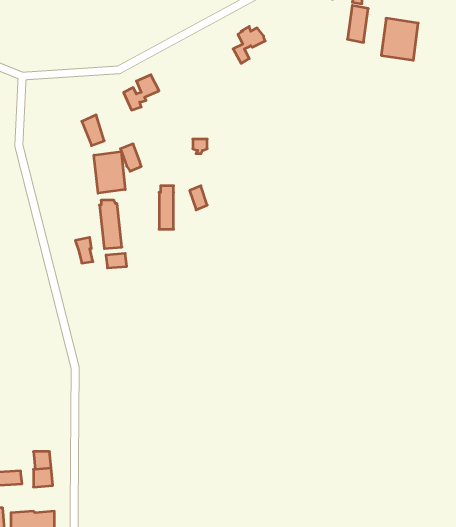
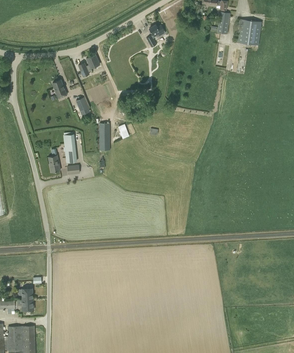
building: [94,151,125,193] -> none

